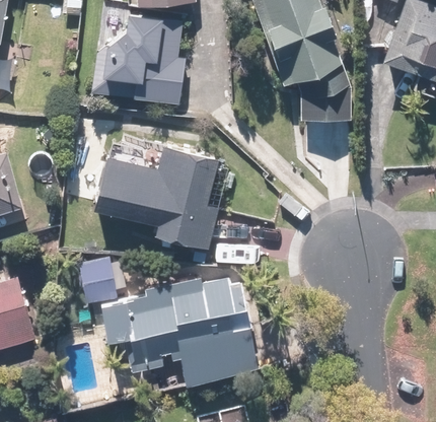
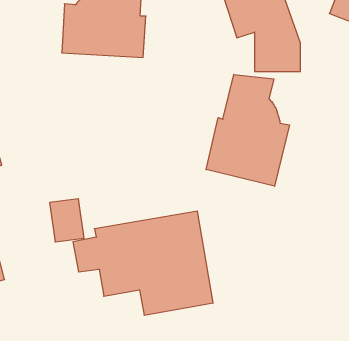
building: none -> [206,74,289,186]
building: [98,148,226,249] -> none

